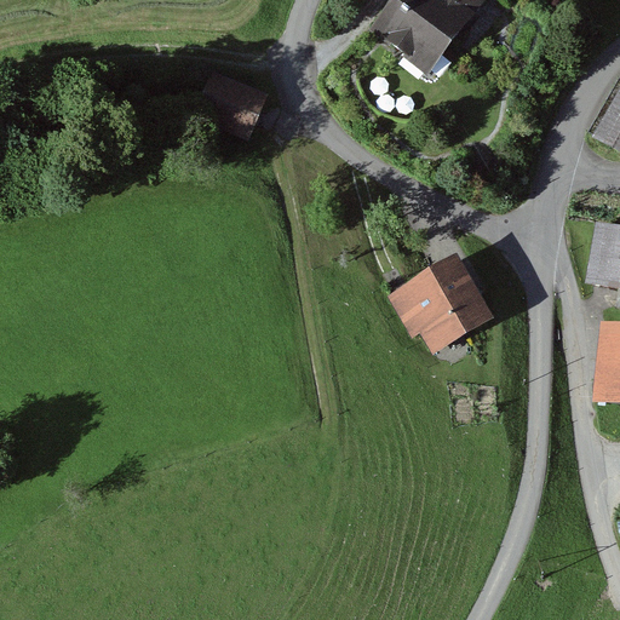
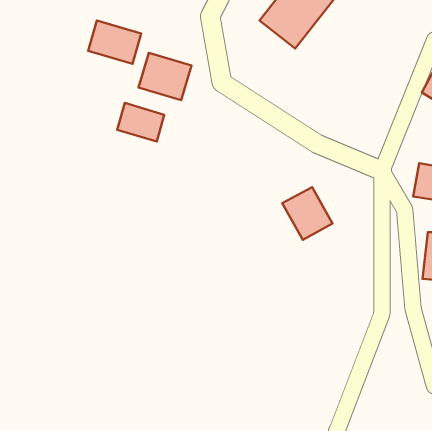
building: none -> [88,20,141,64]
building: none -> [117,103,164,142]

